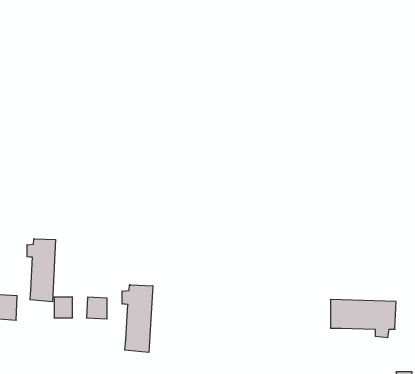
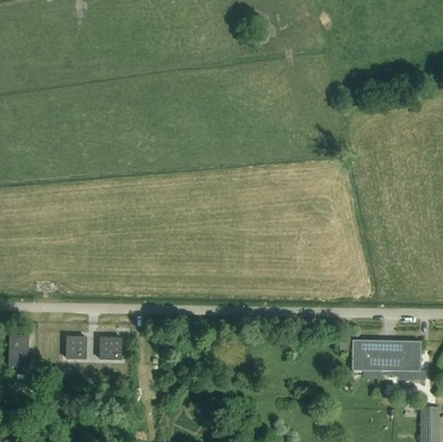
building: [27,239,55,302] -> none
building: [122,285,153,352] -> none

